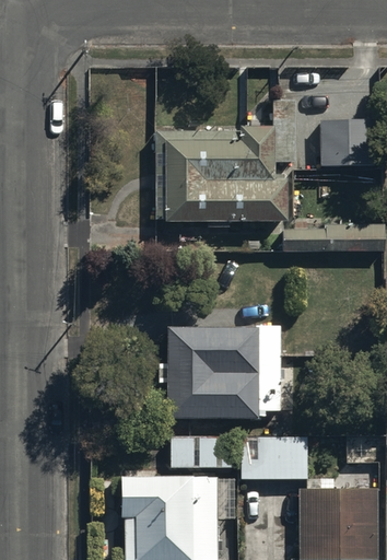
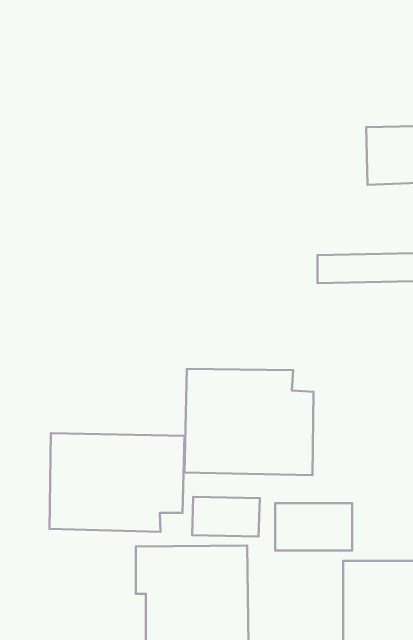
building: [156,133,288,224] -> none
building: none -> [50,433,185,532]

